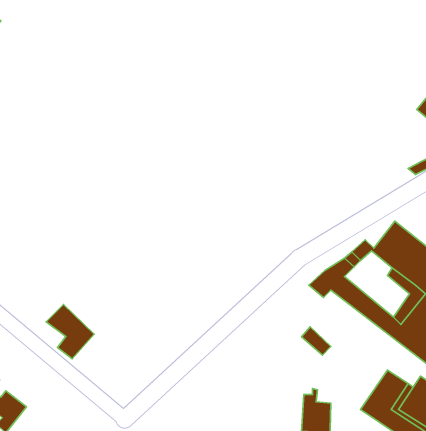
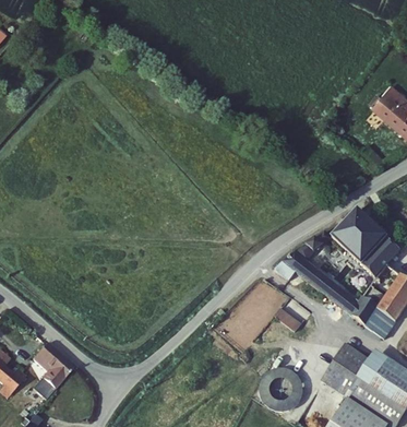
building: [46,305,94,359] -> [27,343,70,391]

